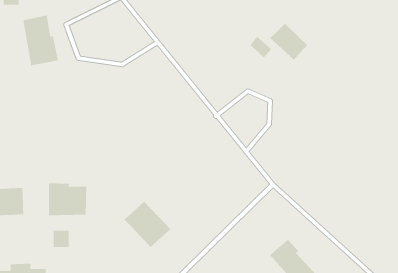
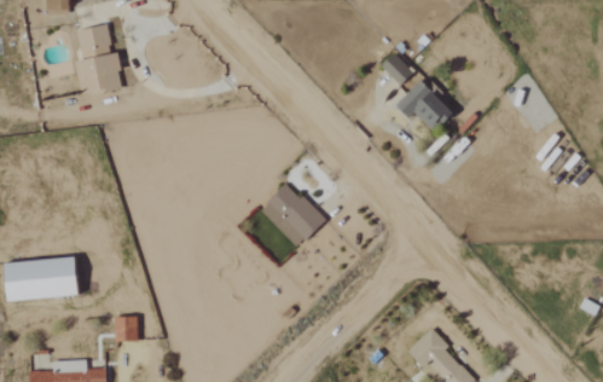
building: [270,23,308,60] -> [399,81,451,132]
building: [48,183,87,216] -> none
building: [124,201,171,248] -> [261,183,325,247]

